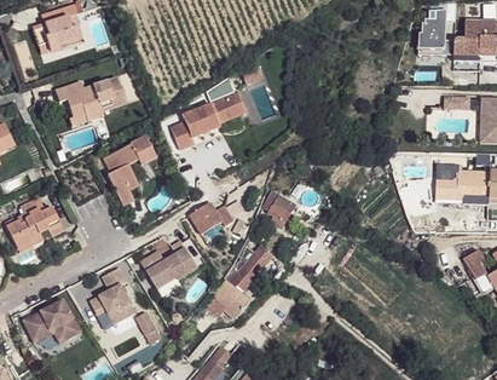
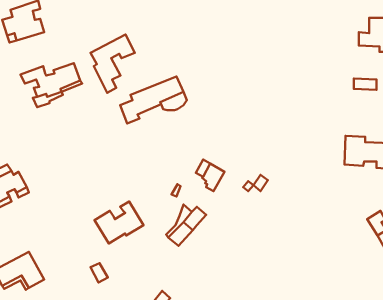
building: [416,10,443,56] -> none
building: [103,136,155,205] -> [91,34,135,93]
building: [189,202,231,235] -> none
building: [89,267,135,324] -> none
building: [213,278,249,317] -> none

